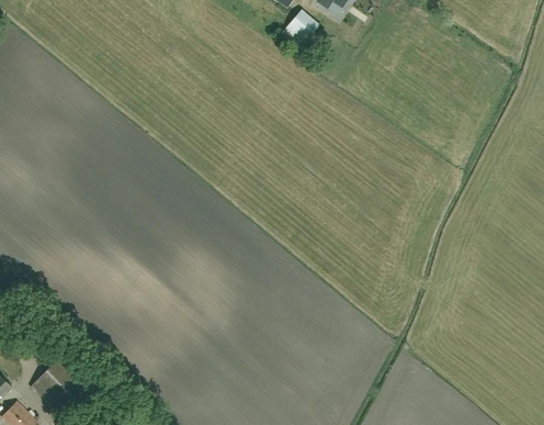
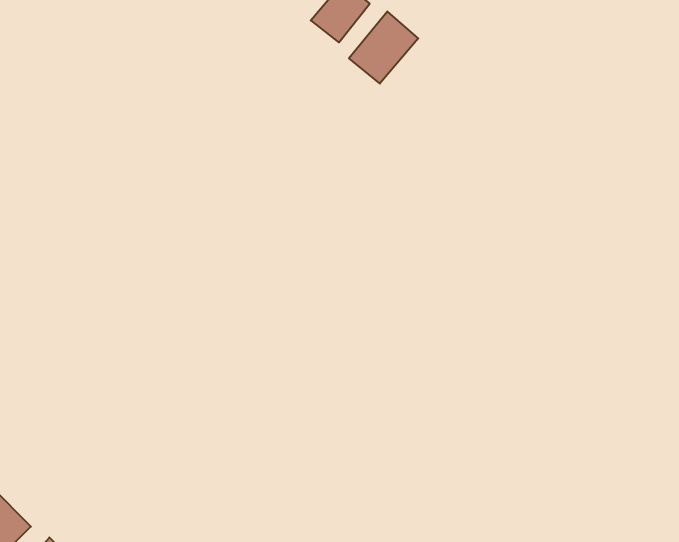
building: none -> [349,11,418,84]

